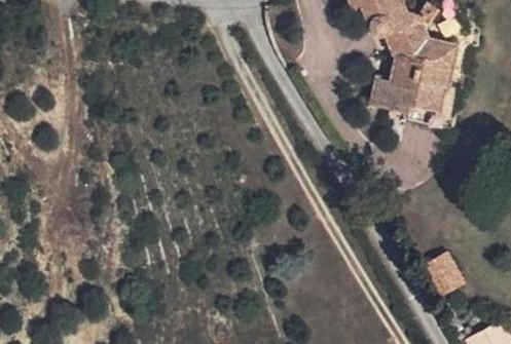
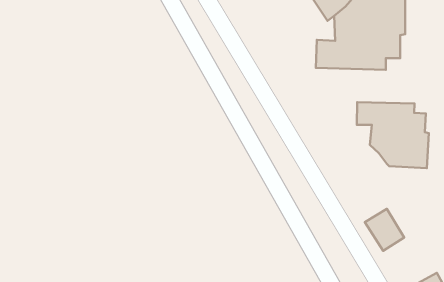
building: none -> [357,102,429,168]

